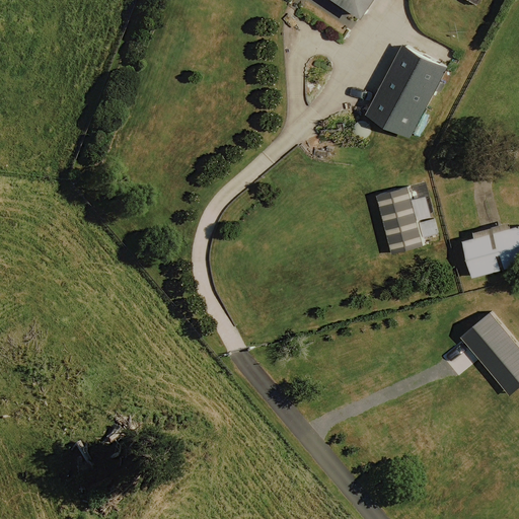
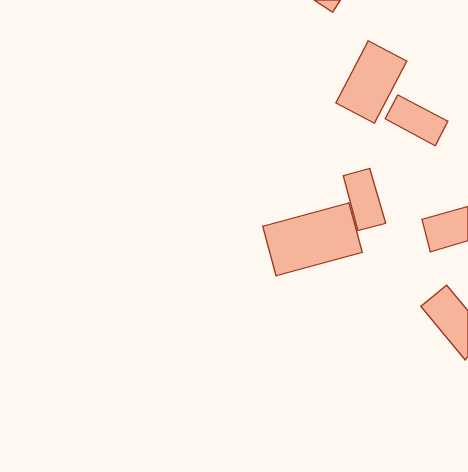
building: none -> [385,95,448,146]
building: none -> [263,203,362,276]

